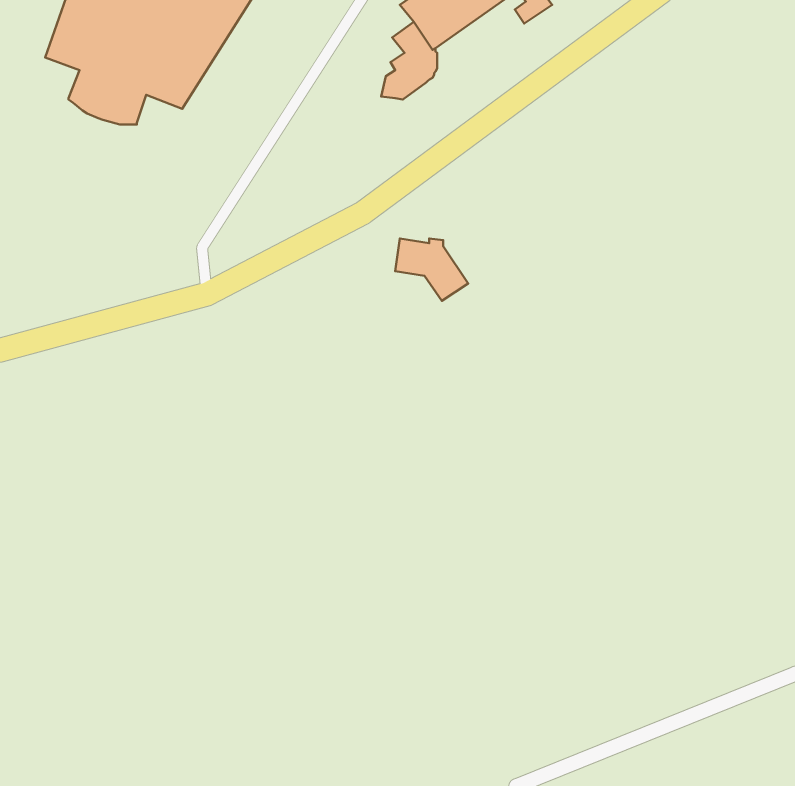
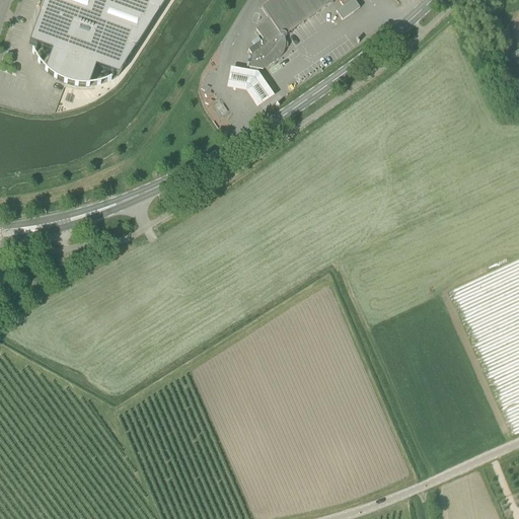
building: [395,239,468,301] -> [226,63,274,103]

